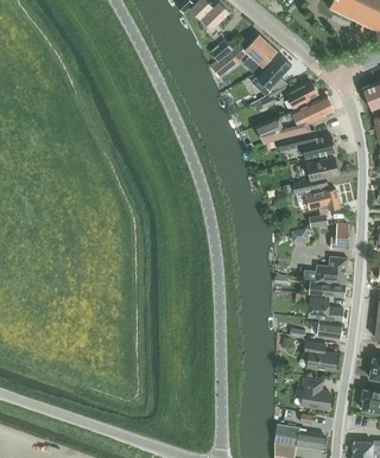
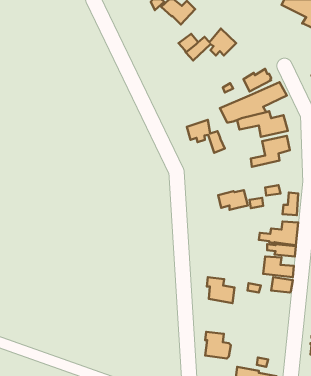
building: [251,53,292,95] -> none
building: none -> [187,120,225,153]
building: [306,189,341,211] -> [218,190,248,210]
building: [305,342,337,371] -> [207,277,235,303]
building: [302,379,331,409] -> [205,332,231,359]

